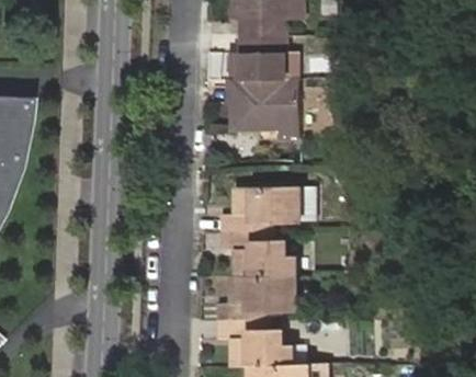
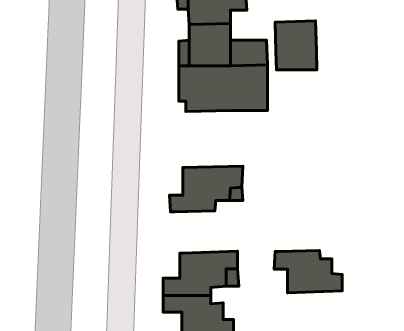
building: none -> [275,21,317,70]
building: [222,232,294,277] -> [274,251,342,293]

